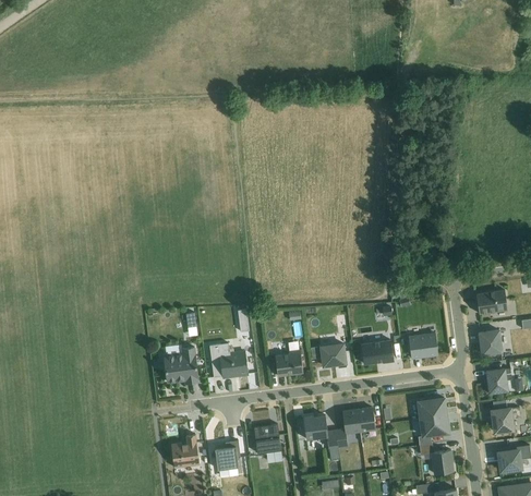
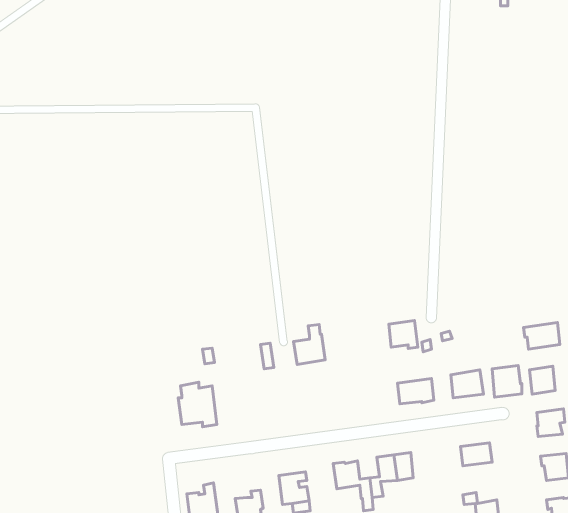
building: none -> [492,366,522,397]
building: [275,340,303,376] -> [294,325,325,365]
building: [209,342,249,378] -> none
building: [321,342,347,367] -> [389,321,418,348]
building: [419,415,448,445] -> none

